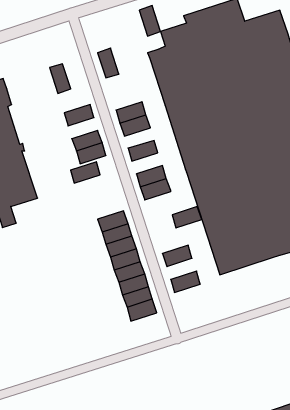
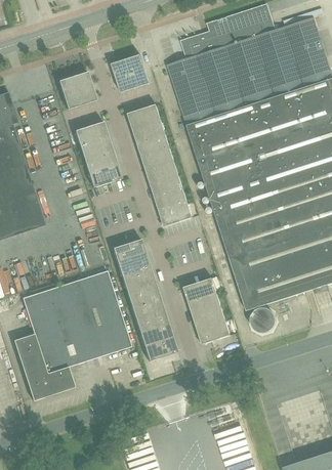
building: [139,6,161,36] -> [125,54,149,88]
building: none -> [72,72,95,104]
building: none -> [126,104,160,128]
building: none -> [140,147,173,170]
building: none -> [149,175,182,199]
building: [71,162,100,183] -> [78,136,111,160]
building: [172,207,202,228] -> [188,292,220,315]
building: none -> [14,270,130,400]
building: none -> [196,321,230,344]

